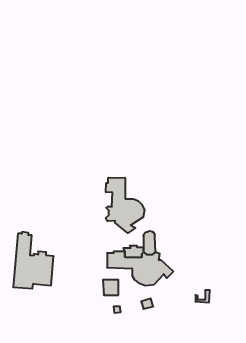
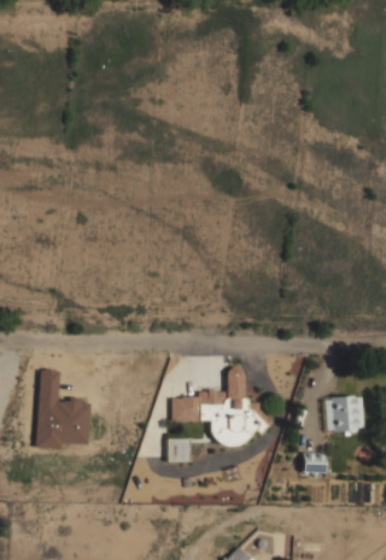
building: [106,178,144,233] -> none
building: none -> [326,397,363,431]

